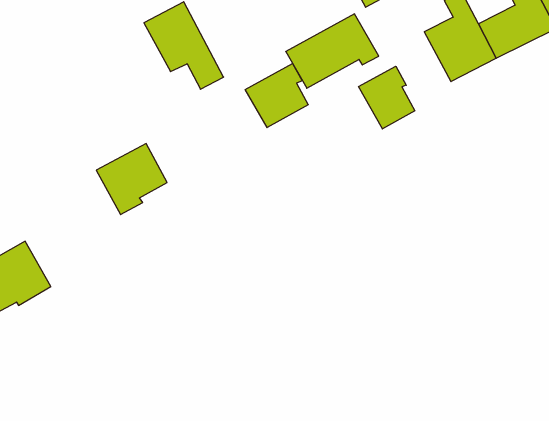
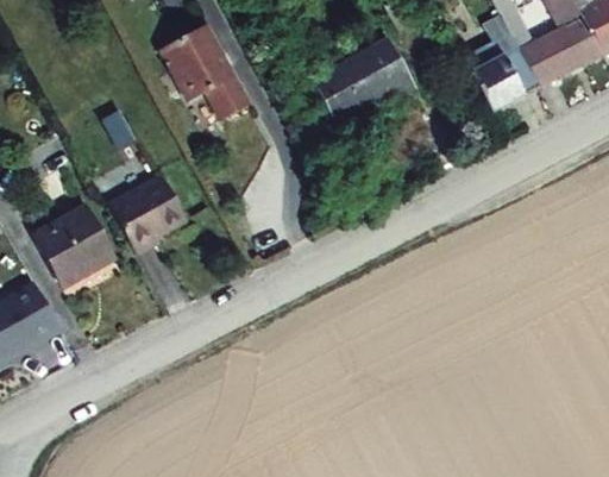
building: [245,64,308,128] -> none
building: [359,66,415,129] -> none
building: none -> [34,205,115,284]

